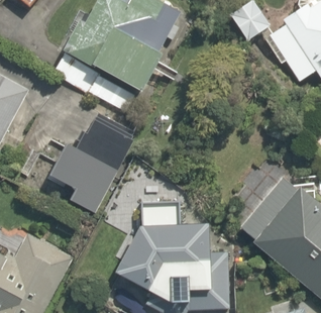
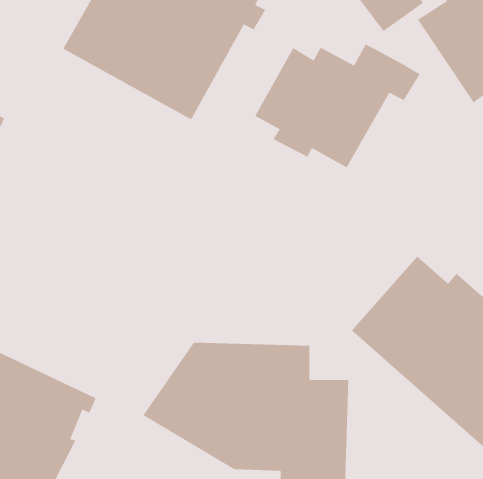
building: none -> [254,44,420,168]
building: [41,116,133,213] -> none

